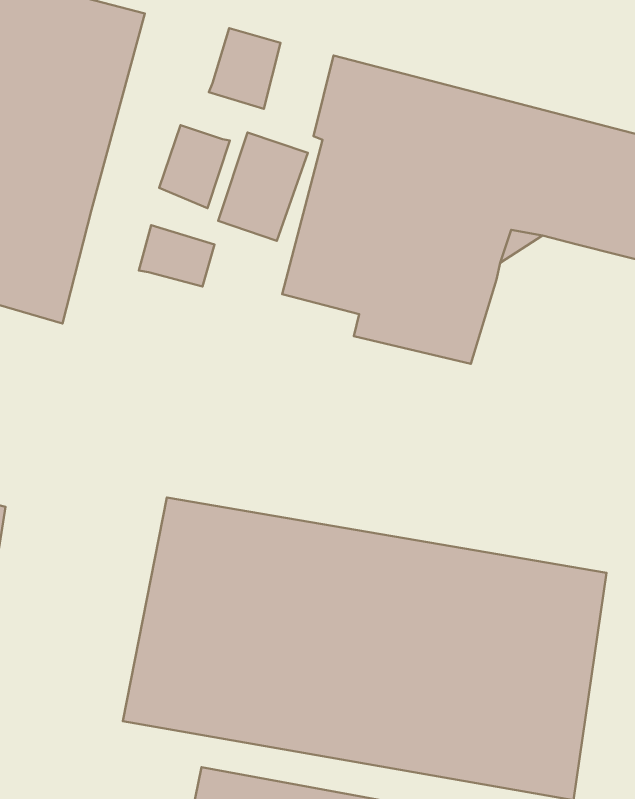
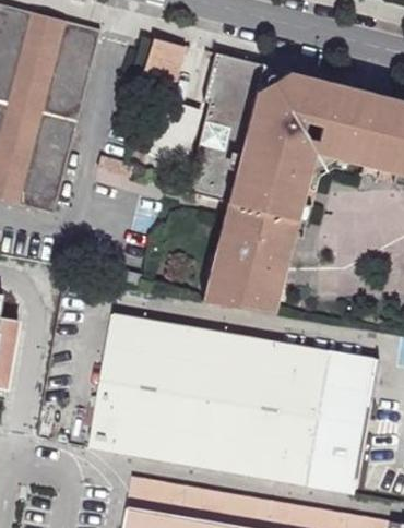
building: [159,125,230,208] -> none
building: [139,225,214,287] -> none
building: none -> [202,218,295,316]

